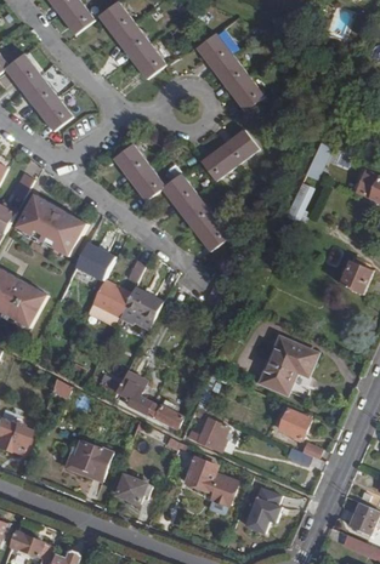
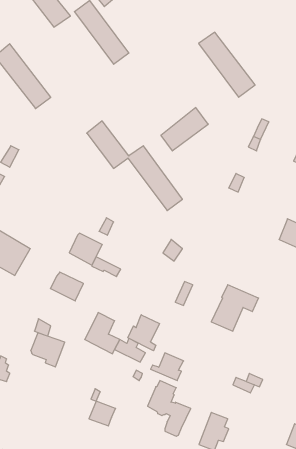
building: [197,34,263,110] -> [199,32,255,97]
building: [17,194,87,255] -> none
building: [76,241,115,279] -> none
building: [125,285,164,319] -> [50,272,83,301]
building: none -> [128,315,159,351]
building: [279,409,311,438] -> none
building: [73,440,113,480] -> [31,333,65,367]

